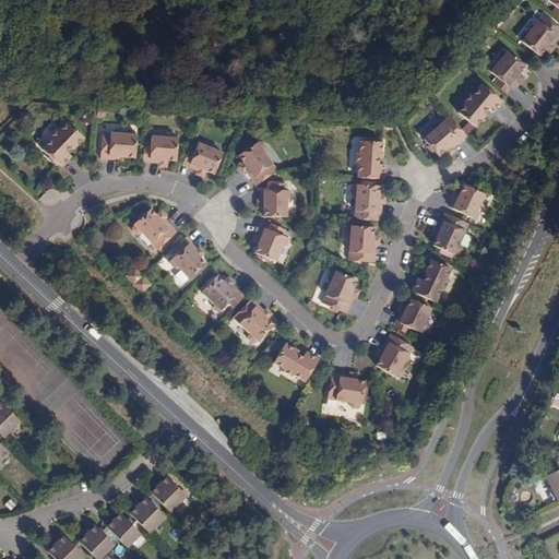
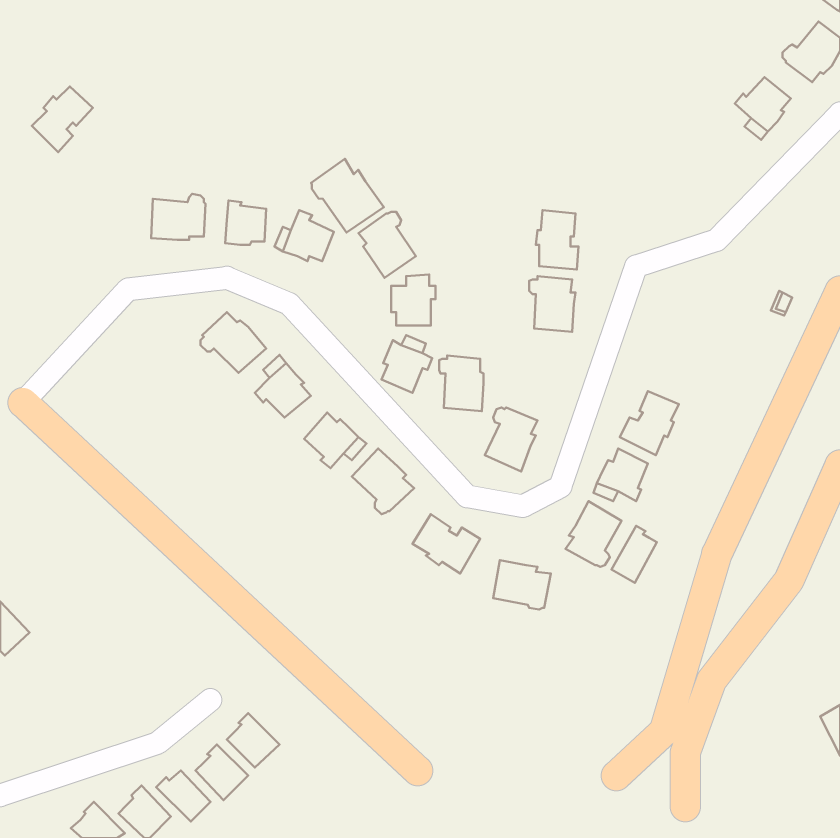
building: [459,84,501,127] -> none
building: none -> [311,159,384,233]
building: [423,116,466,155] -> none
building: [43,122,83,166] -> [32,86,93,152]
building: [450,185,485,219] -> none
building: [433,213,468,255] -> none
building: [346,225,376,262] -> [439,355,483,411]
building: none -> [611,526,657,583]

